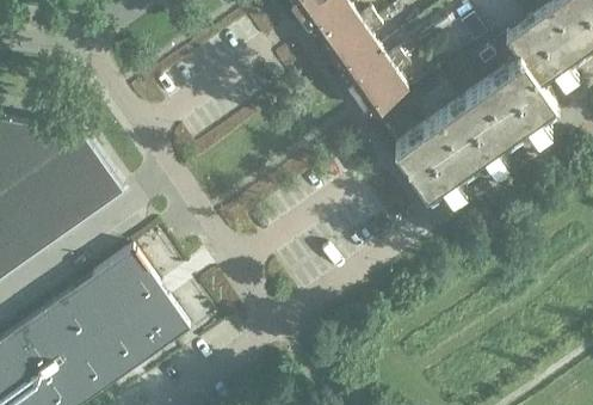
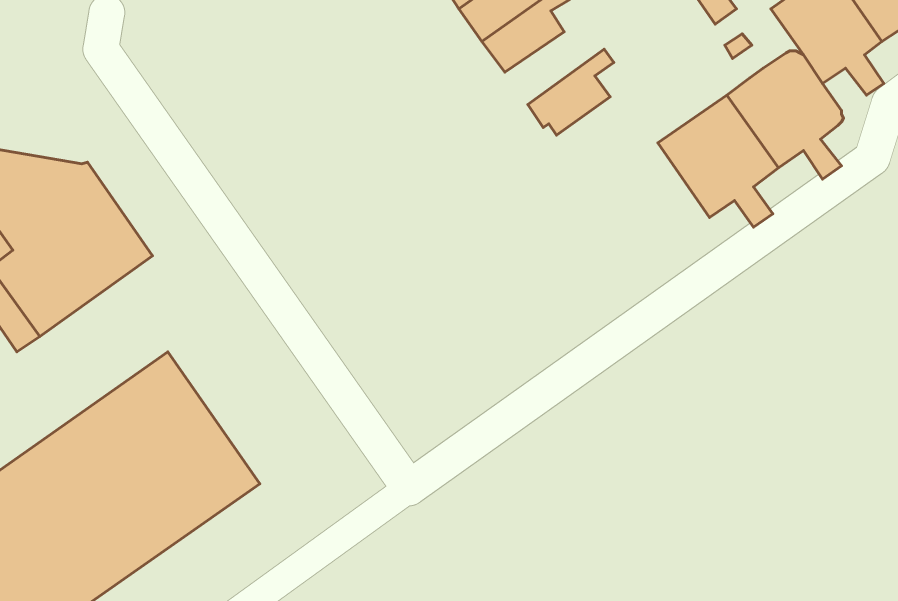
building: [341,48,403,93] -> none
building: [394,117,469,200] -> none

